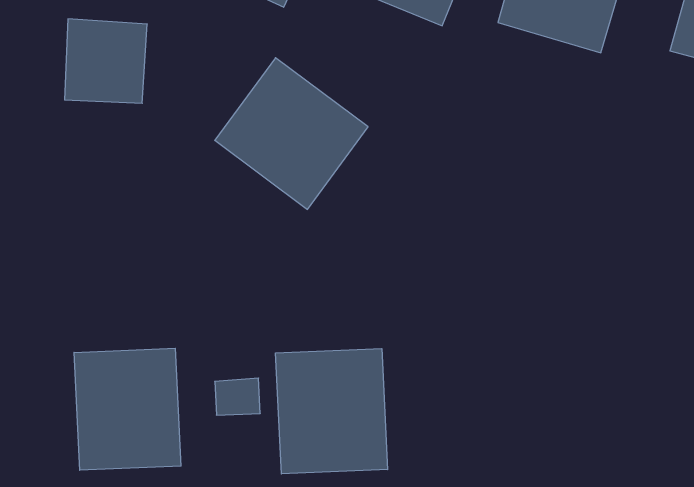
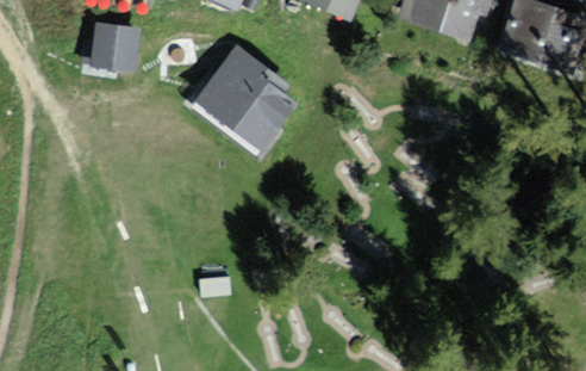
building: [74,348,181,470] -> none
building: [276,349,388,474] -> none

